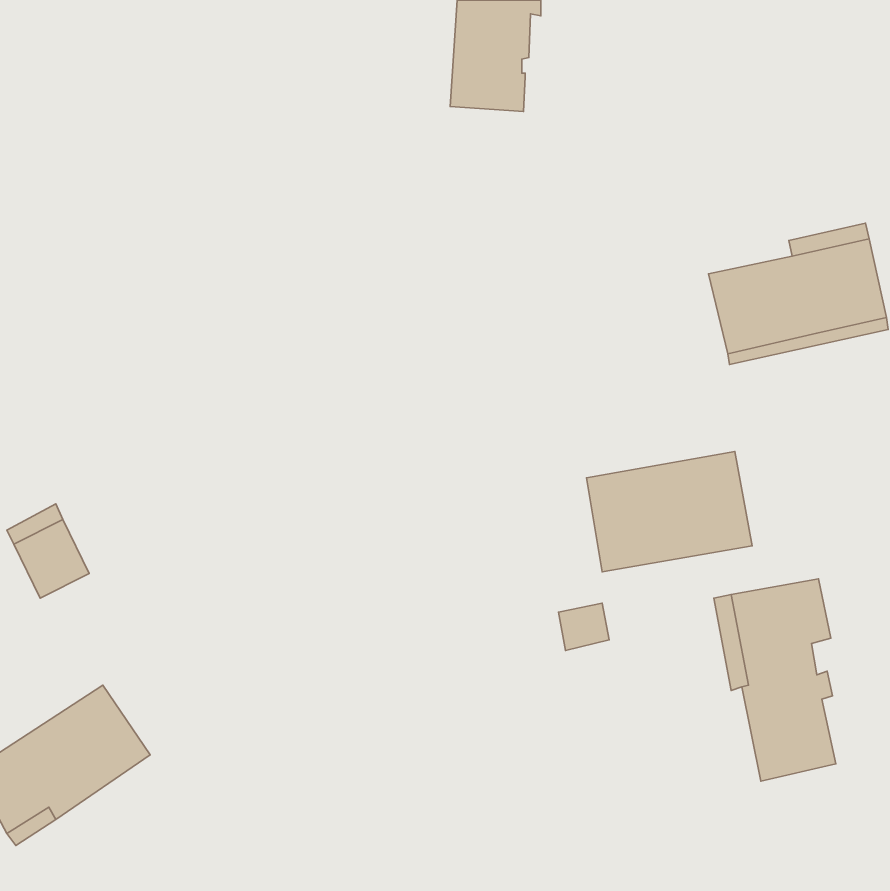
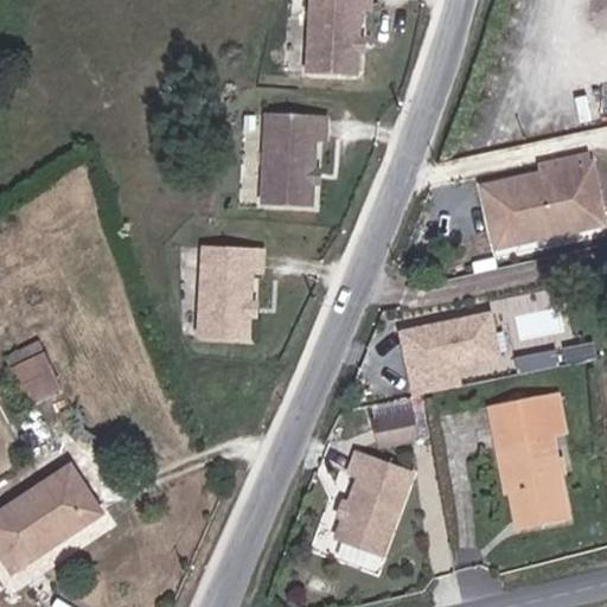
building: none -> [260,113,326,203]
building: none -> [198,247,263,333]
building: none -> [339,451,410,552]

